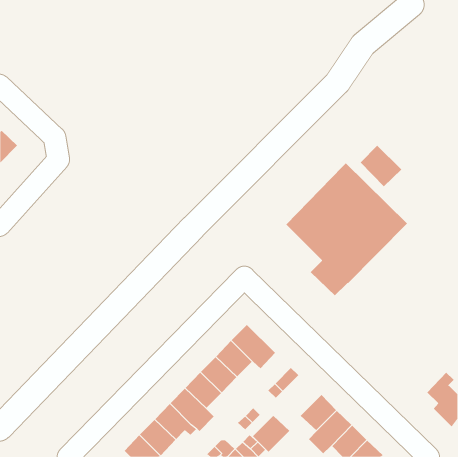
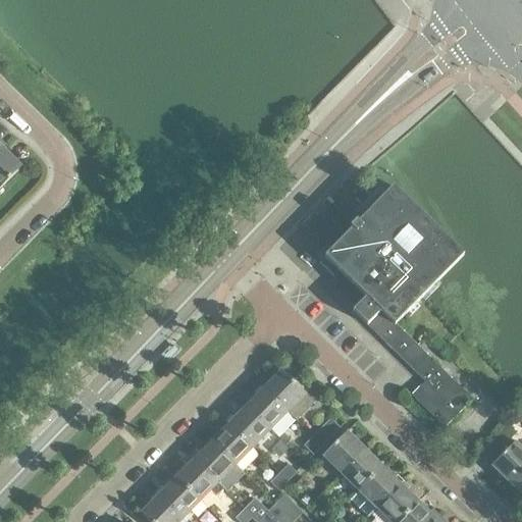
building: [360,145,402,187] -> none
building: none -> [380,322,472,426]
building: [252,416,290,452] -> [322,430,365,472]

